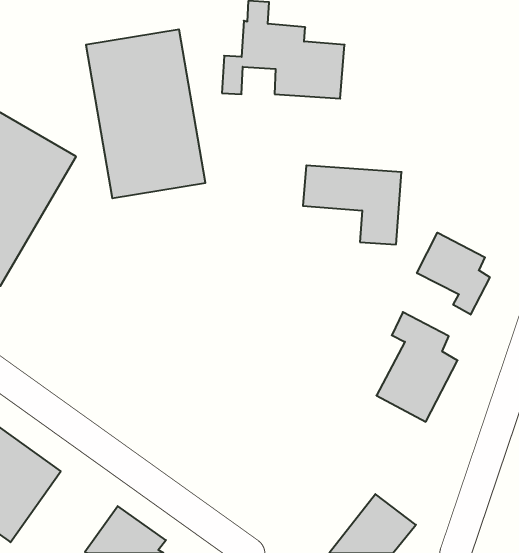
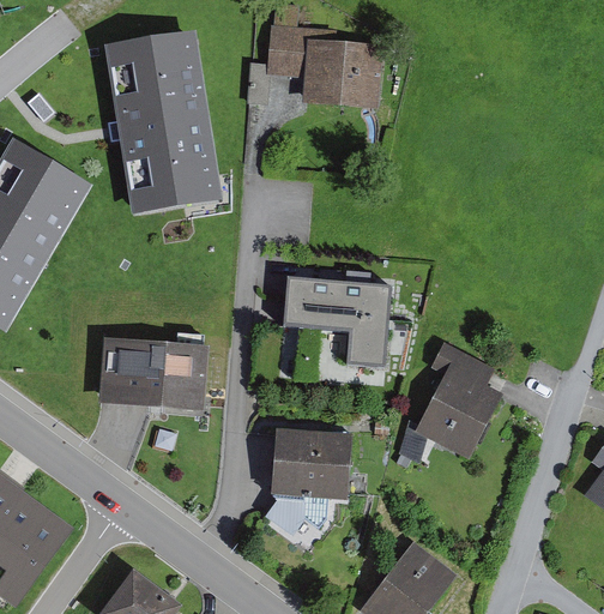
building: [303,165,402,244] -> [284,284,392,371]
building: [417,233,490,315] -> none
building: none -> [98,341,207,415]
building: none -> [264,434,352,534]

